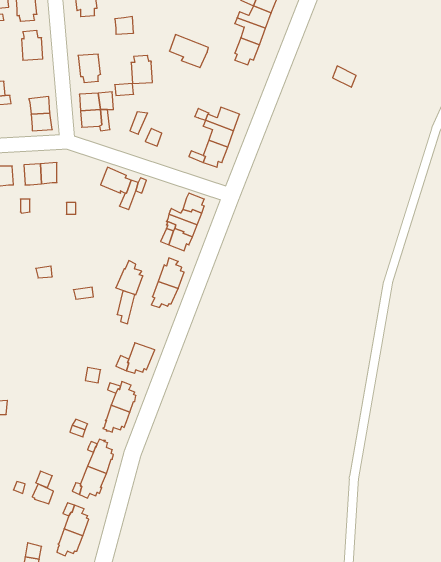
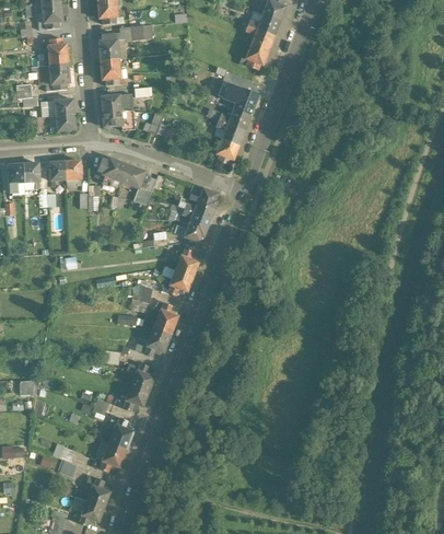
building: [169,35,208,68] -> [221,84,257,115]
building: [131,55,152,84] -> [98,34,118,60]
building: none -> [48,63,69,90]
building: none -> [95,158,127,186]
building: [116,261,143,295] -> [152,302,177,334]

